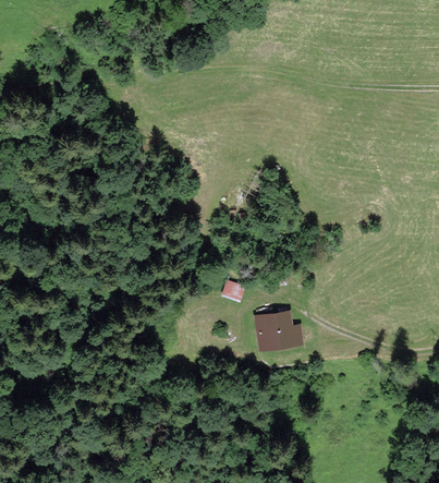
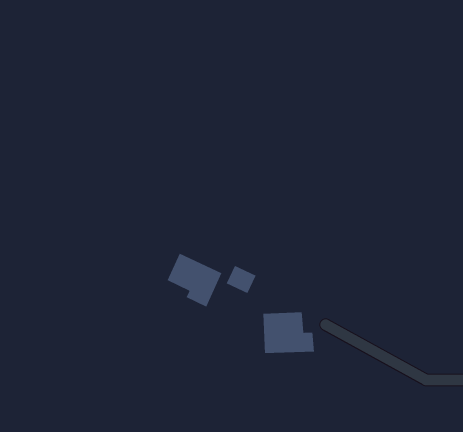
building: none -> [167,253,222,308]

